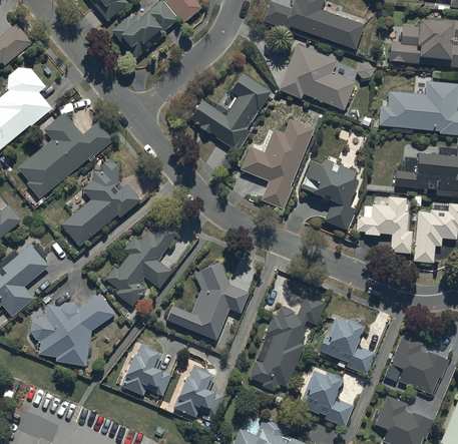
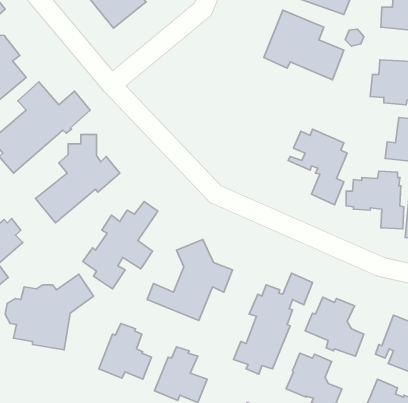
building: [188,72,270,151] -> none
building: [240,120,312,208] -> none

